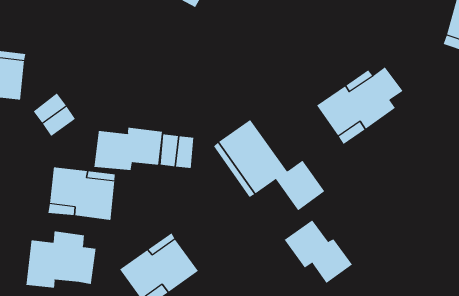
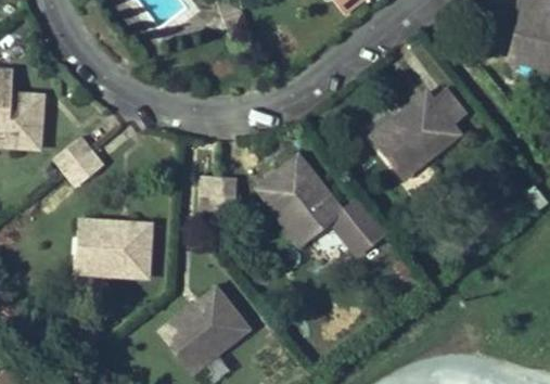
building: [94,127,162,171] -> none
building: [284,220,353,284] -> none
building: [26,230,96,289] -> none

